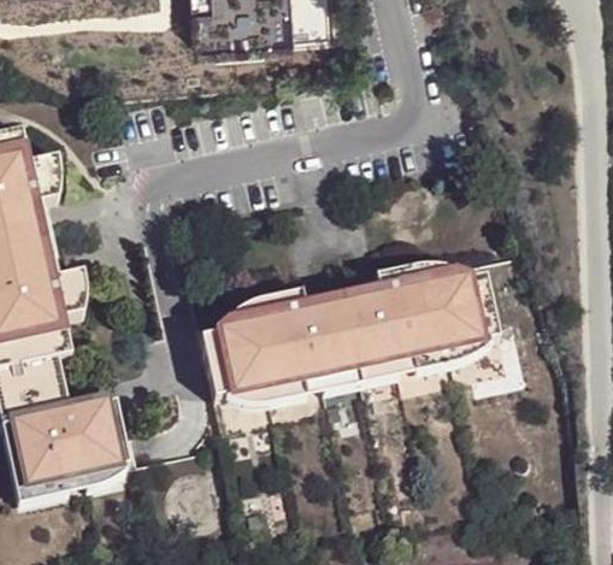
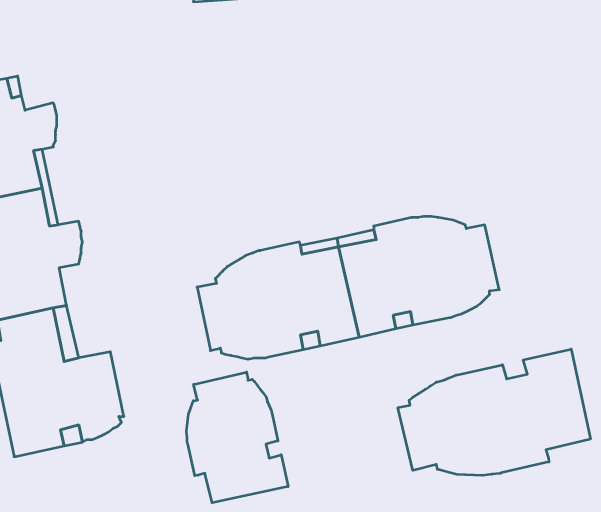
building: none -> [398,349,590,475]
building: none -> [186,372,288,503]

